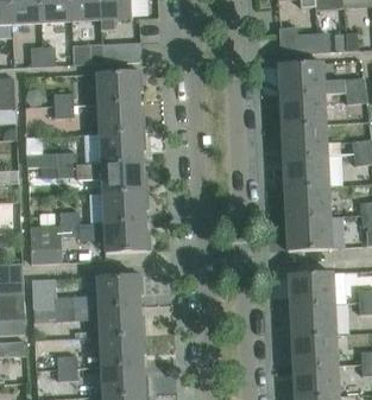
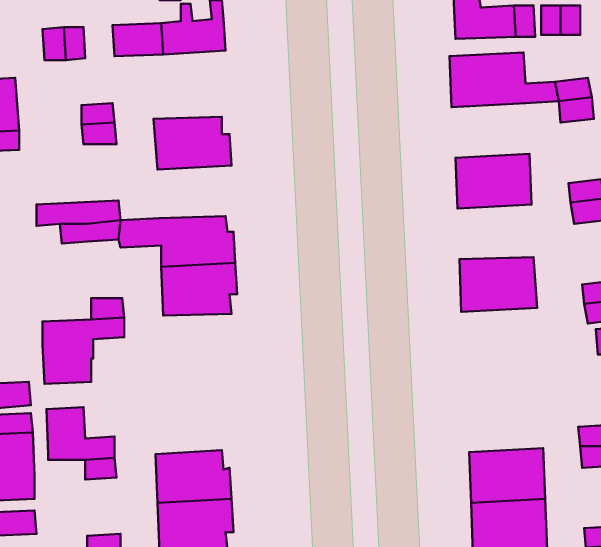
building: [96,70,143,102] -> none
building: [279,93,327,126] -> none
building: [100,131,145,163] -> none
building: [283,154,329,188] -> none
building: [285,217,333,250] -> none
building: [103,221,151,252] -> none
building: [289,272,335,305] -> none
building: [96,274,143,306] -> none

